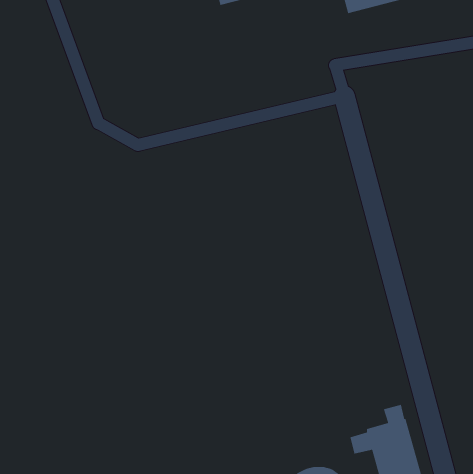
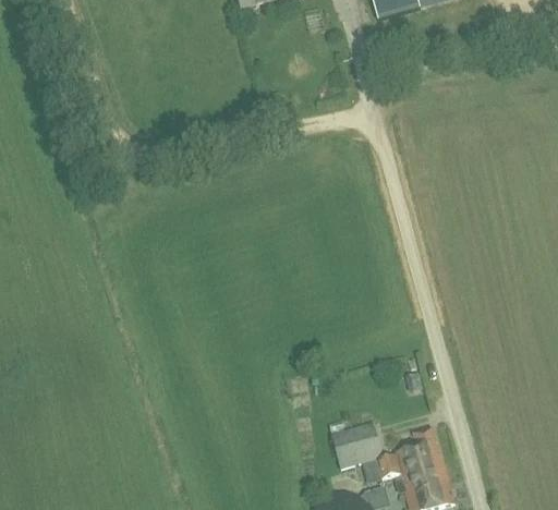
building: none -> [331,421,385,466]

